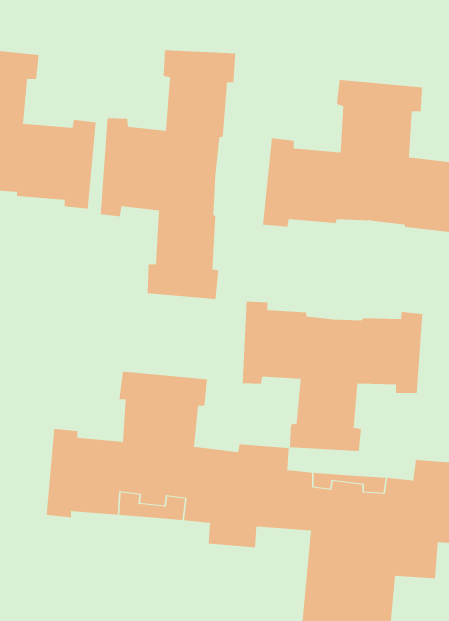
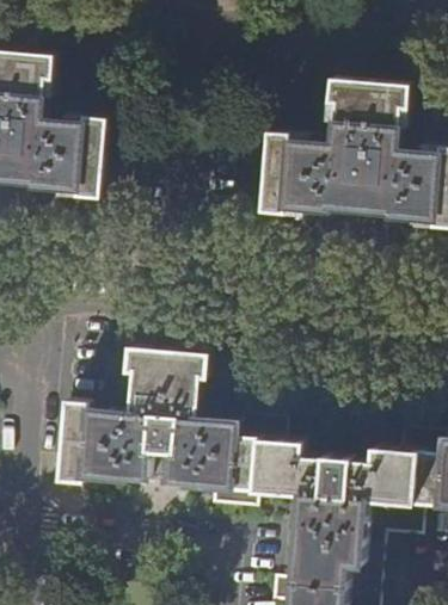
building: [100,50,236,300] -> none
building: [242,301,423,452] -> none

